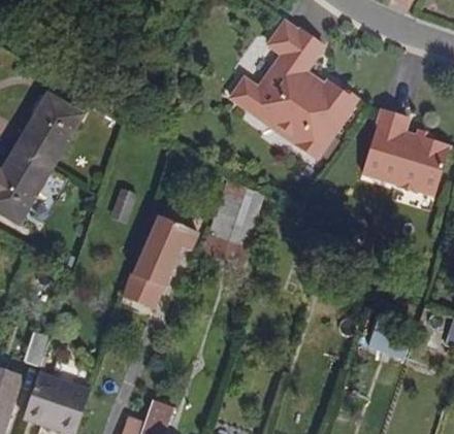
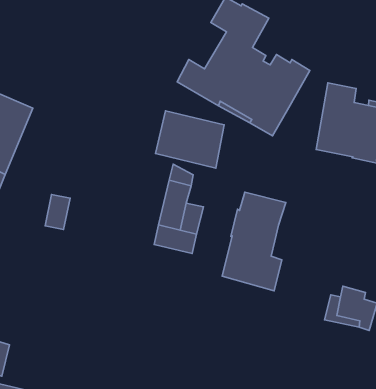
building: none -> [155,111,224,168]
building: none -> [222,192,286,291]
building: [121,213,193,305] -> none

